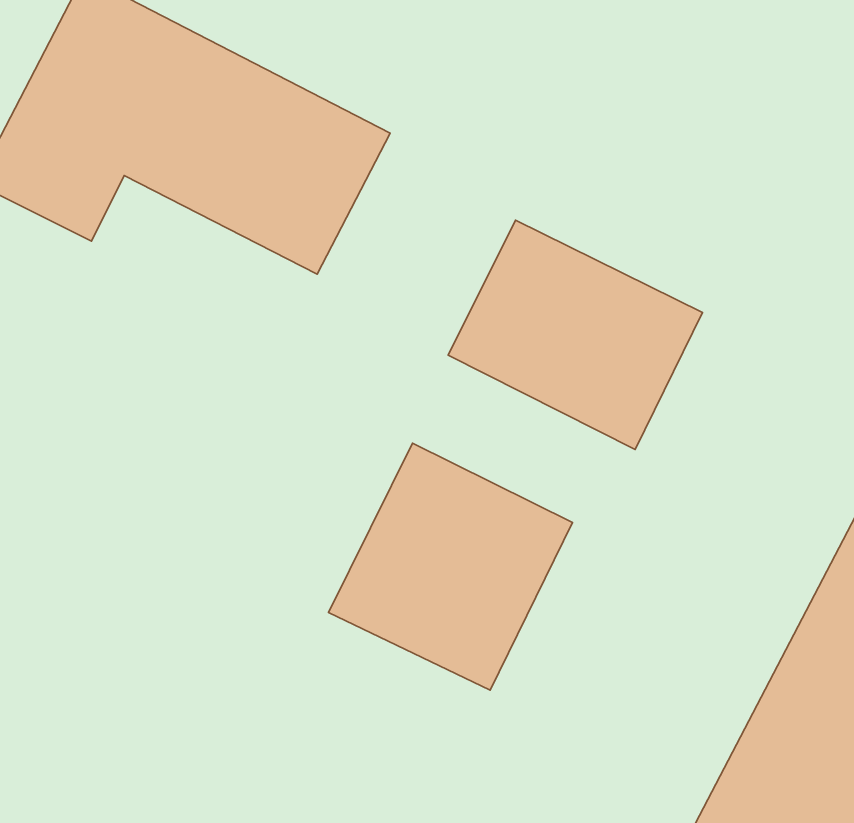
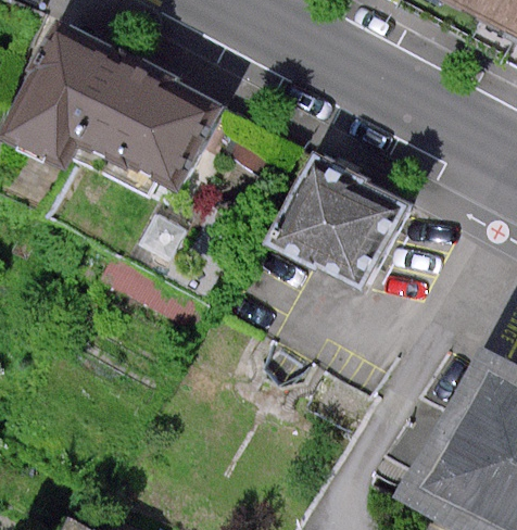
building: [328,443,572,690] -> none

